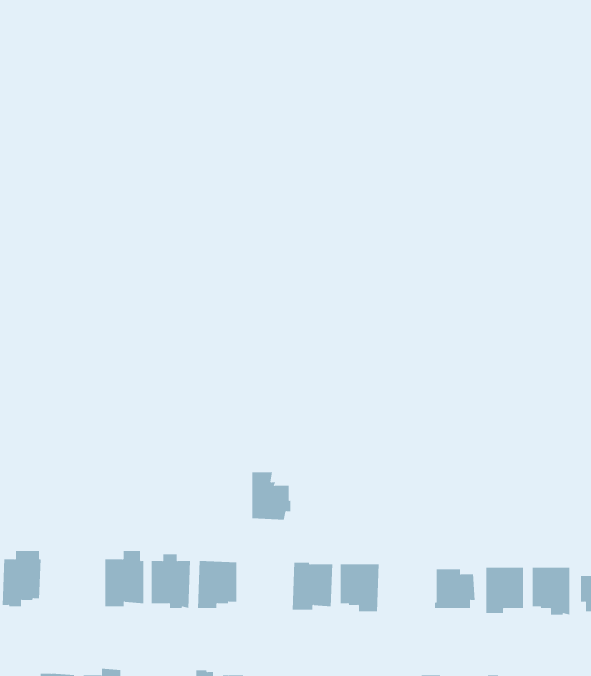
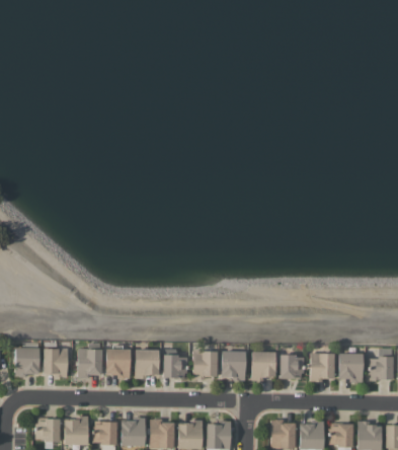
building: [251,472,291,520] -> [164,350,188,379]
building: none -> [44,344,68,378]
building: none -> [251,352,276,381]

